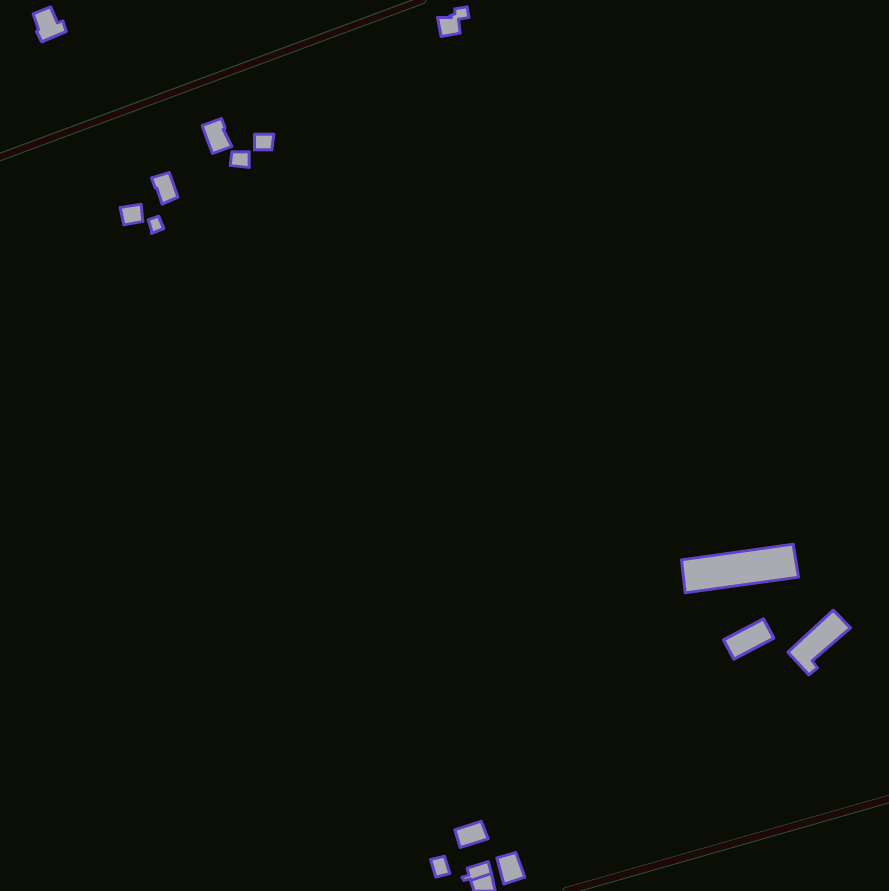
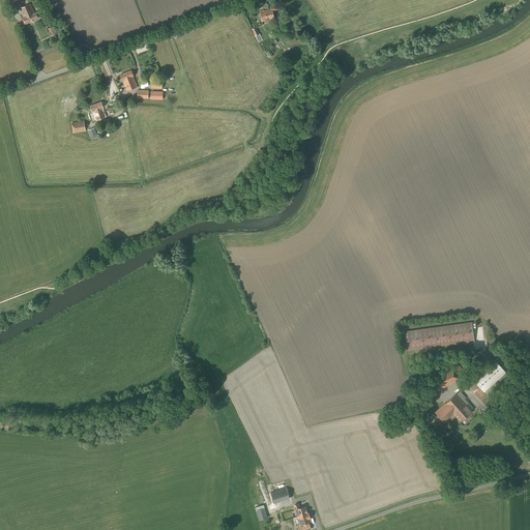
building: none -> [435,391,473,423]

